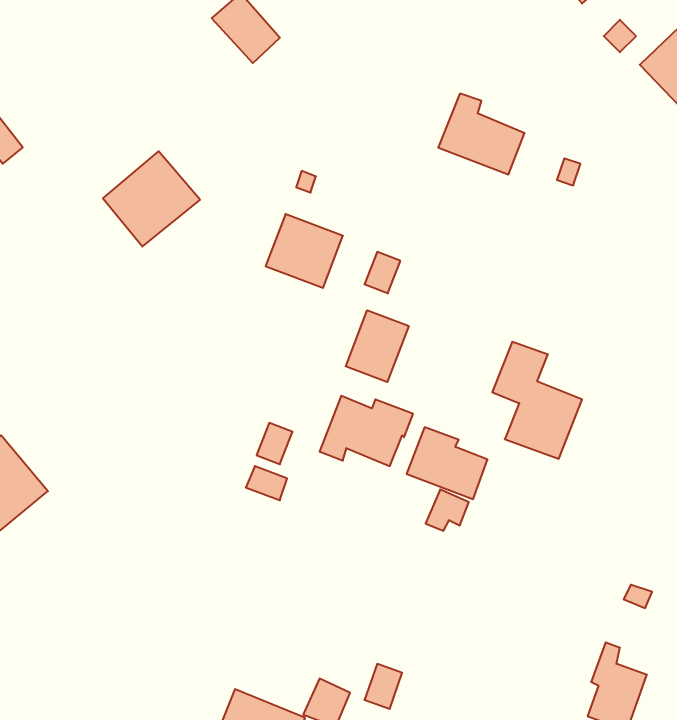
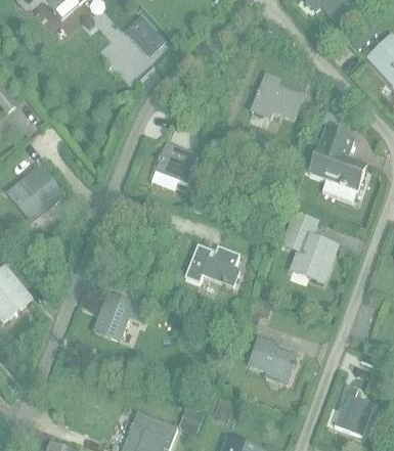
building: [103,151,200,247] -> [9,167,64,221]
building: none -> [309,128,367,189]
building: [346,310,409,382] -> none
building: [407,427,488,499] -> [250,337,296,378]
building: none -> [94,292,147,341]

